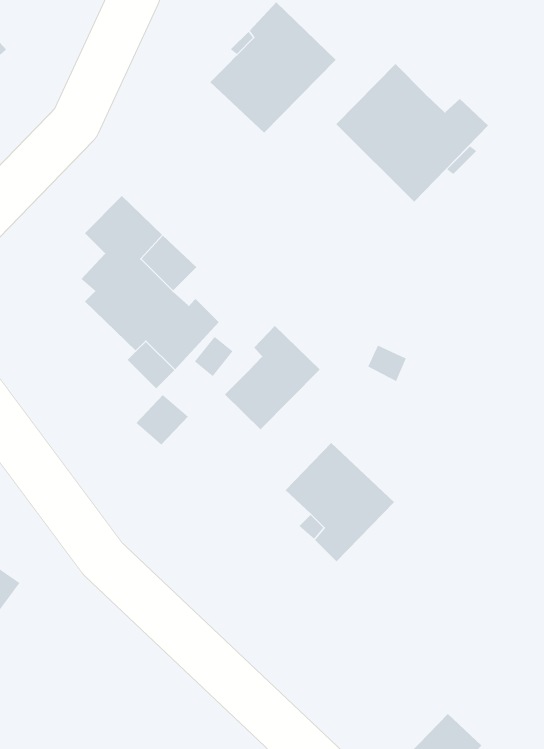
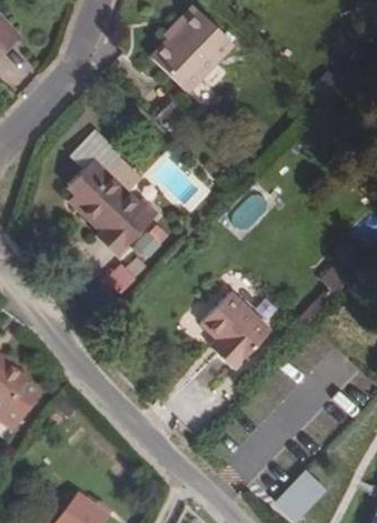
building: [336,63,489,202] -> none
building: [224,325,321,430] -> none

